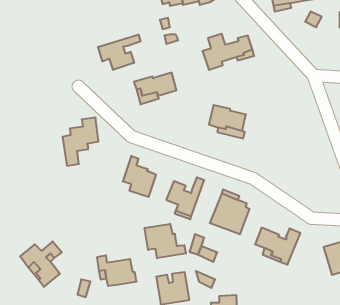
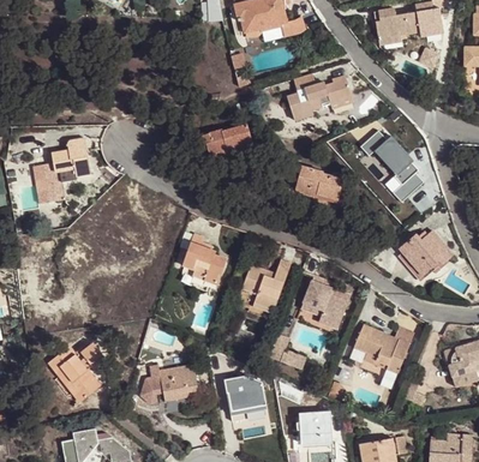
building: [98,35,141,70] -> none
building: none -> [360,125,424,200]
building: [62,117,98,166] -> [42,139,89,202]
building: none -> [400,230,454,277]
building: [144,224,186,258] -> none

